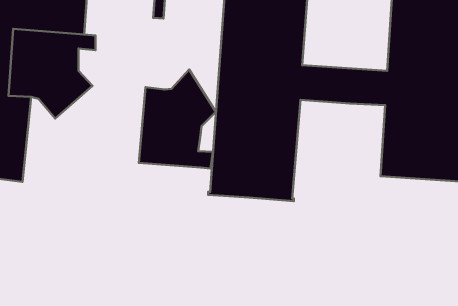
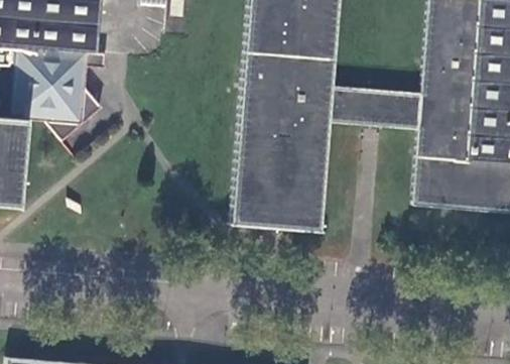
building: [139,69,216,168] -> none

